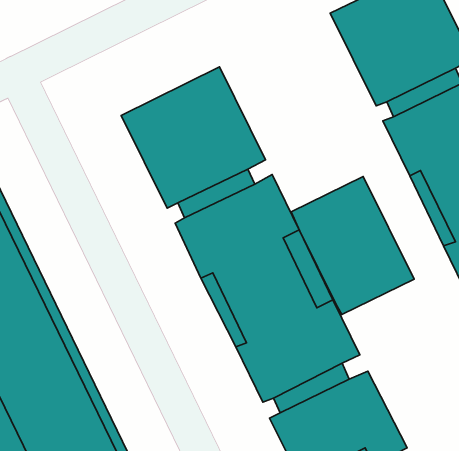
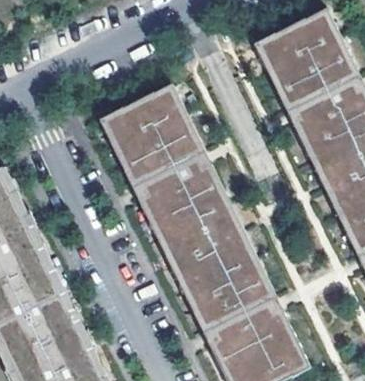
building: [291,177,414,314] -> none

